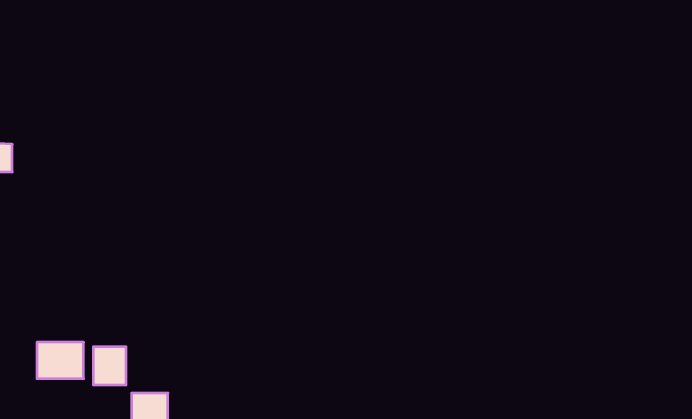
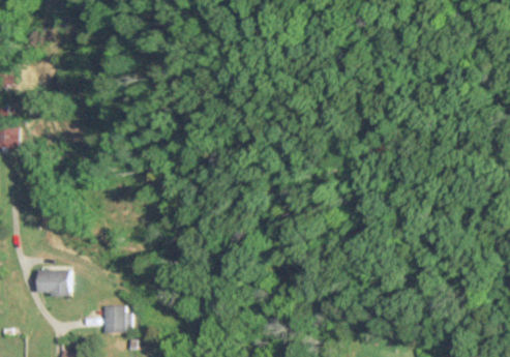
building: [93,347,126,385] -> none

